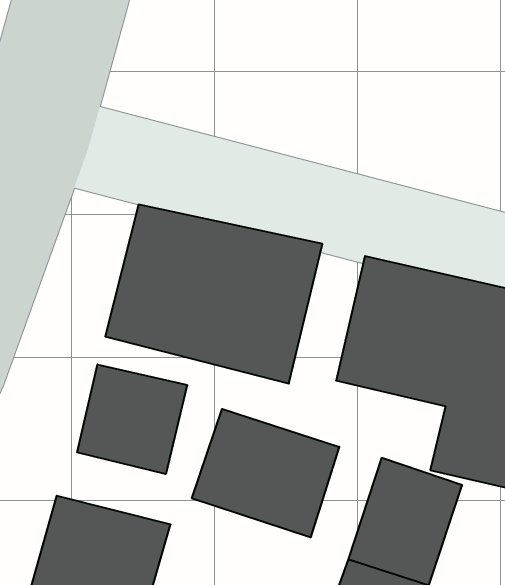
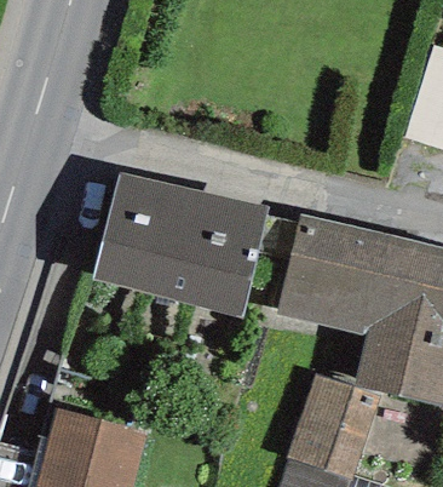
building: [77,364,187,474] -> none
building: [192,409,339,537] -> none

